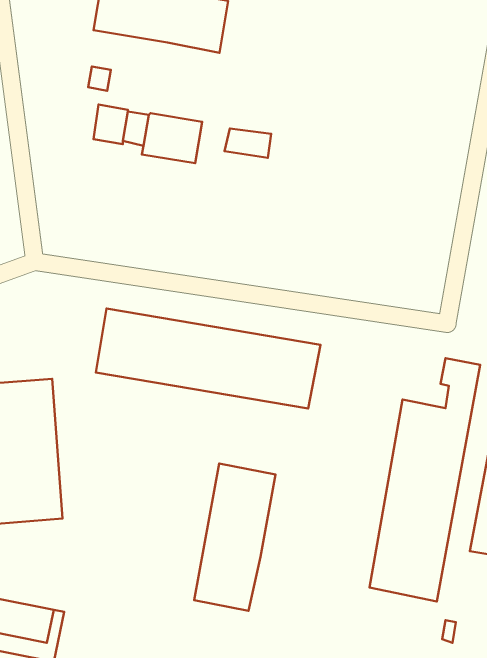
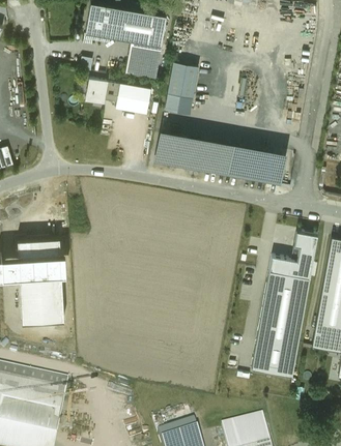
building: none -> [124,41,161,79]
building: none -> [167,60,197,96]
building: [96,309,320,409] -> [155,126,290,186]
building: [194,463,275,611] -> none

